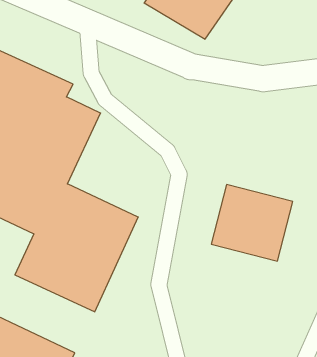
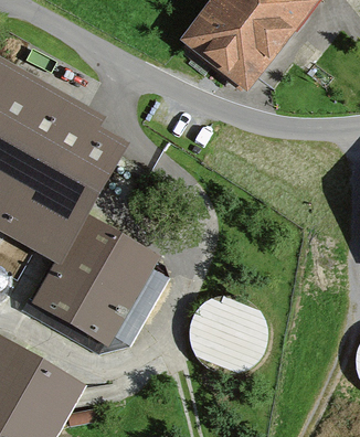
building: [211,185,293,261] -> [187,289,272,370]

